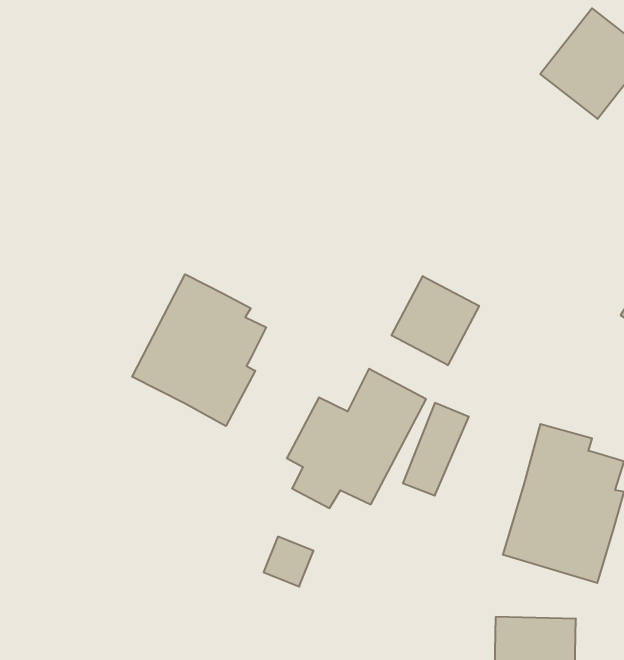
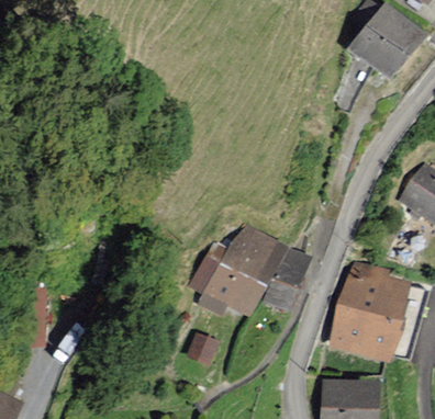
building: [132,274,266,426] -> none
building: [392,276,479,365] -> none

